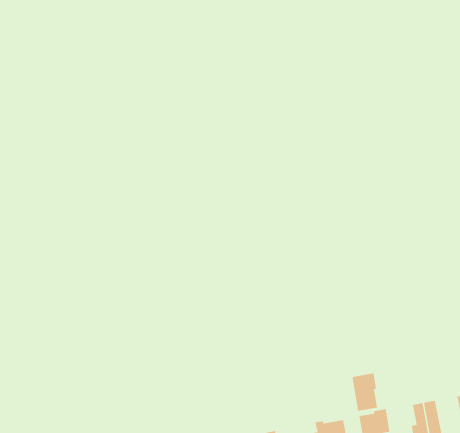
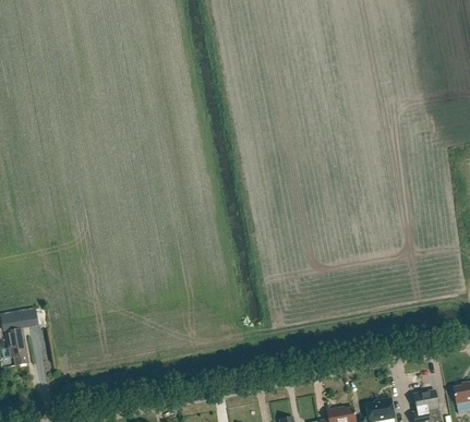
building: [352,372,378,411] -> none

